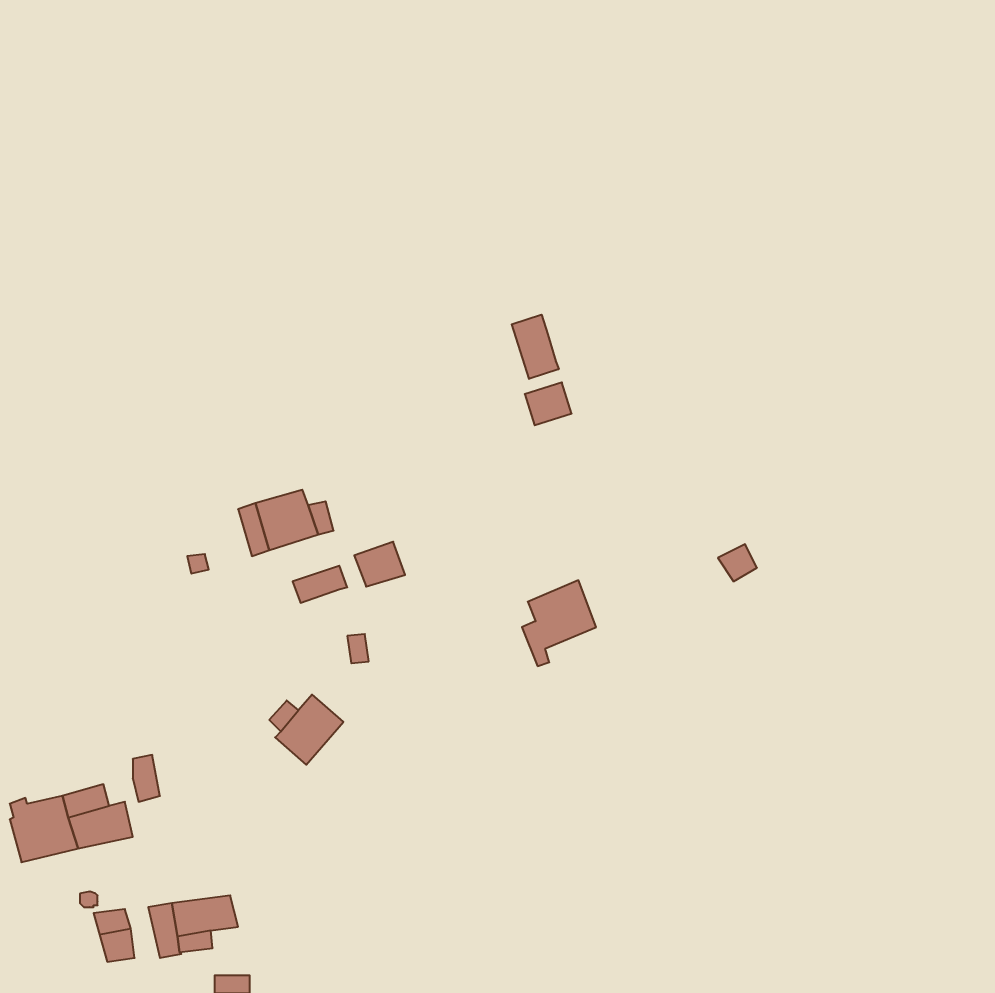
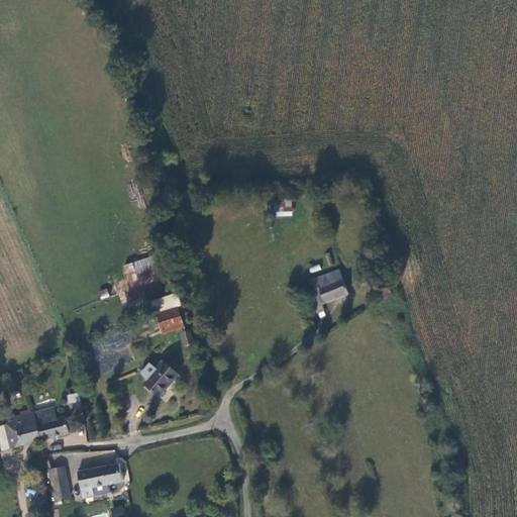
building: [512,315,559,379] -> none
building: [354,542,405,587] -> [156,305,182,328]
building: [522,580,596,666] -> [309,267,347,311]

